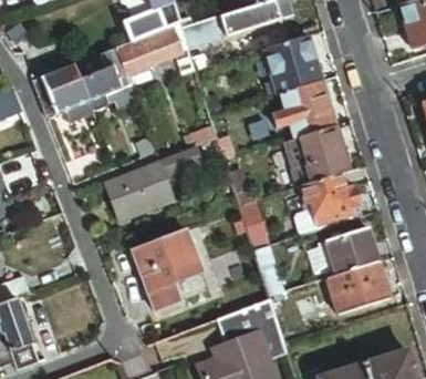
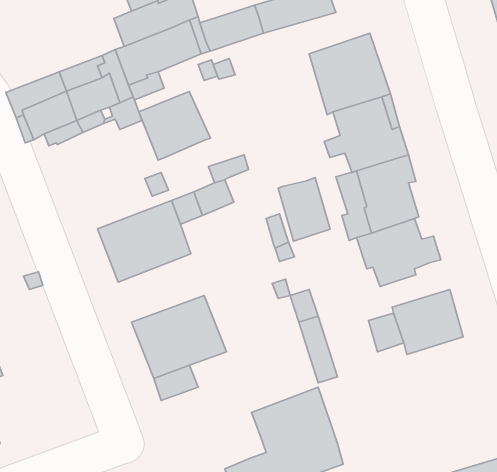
building: none -> [139,92,210,160]
building: none -> [278,178,330,241]
building: [333,262,389,311] -> none

